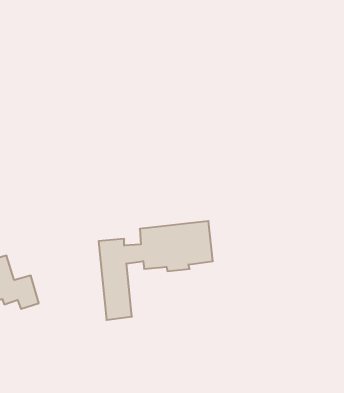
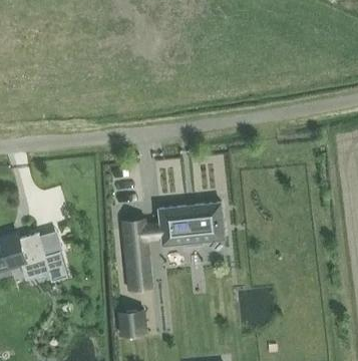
building: none -> [118,310,145,337]

